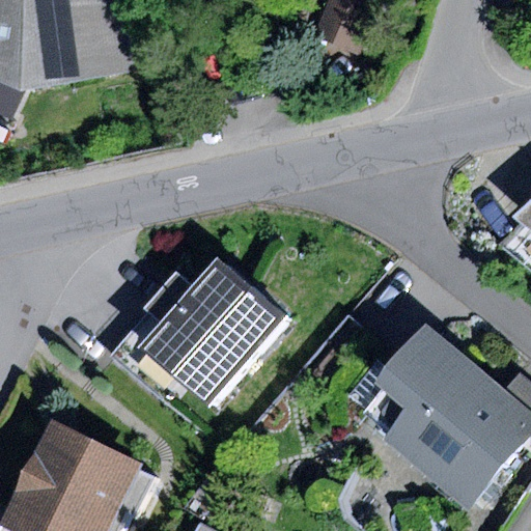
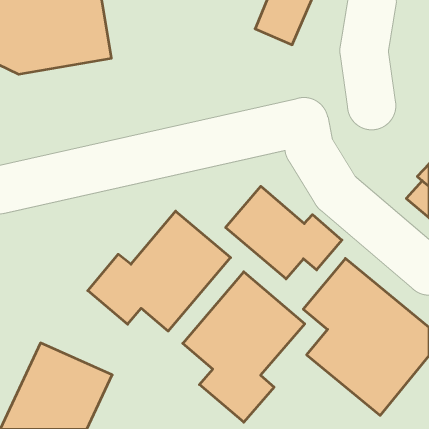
building: none -> [226,186,342,279]
building: none -> [183,272,305,422]

